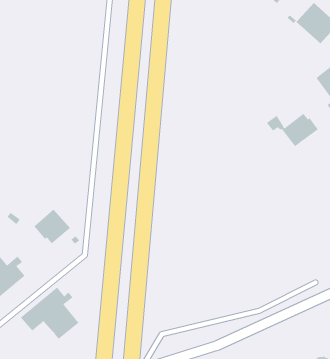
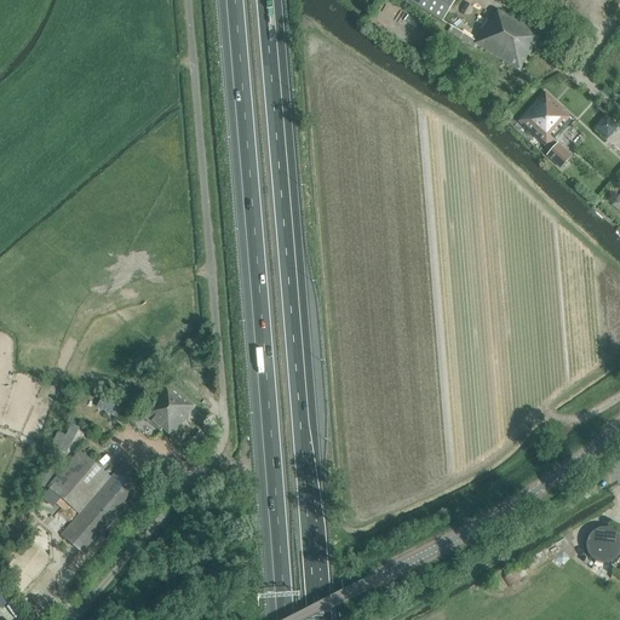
building: [266,113,319,147] -> none
building: [20,287,79,340] -> none

